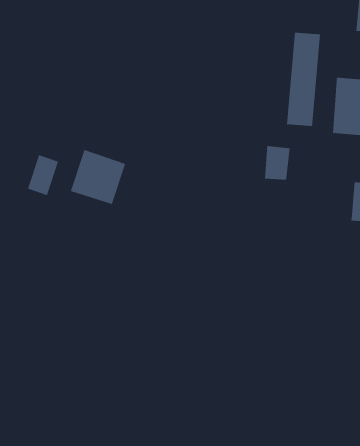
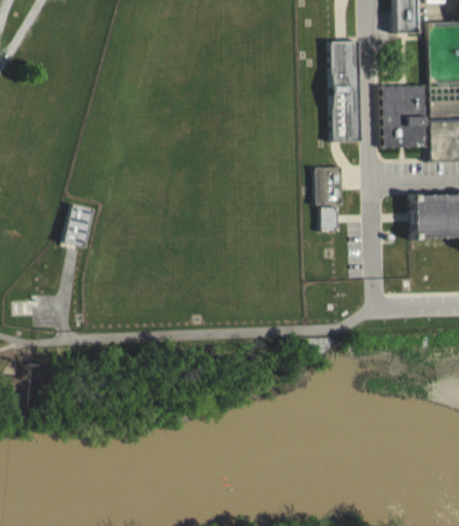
building: [70,149,126,205] -> none
building: none -> [319,206,337,229]

